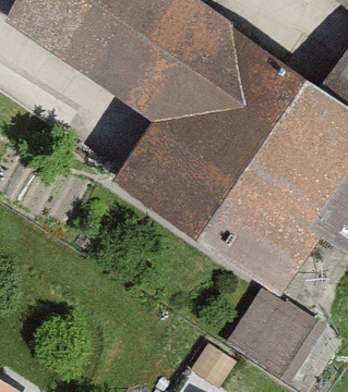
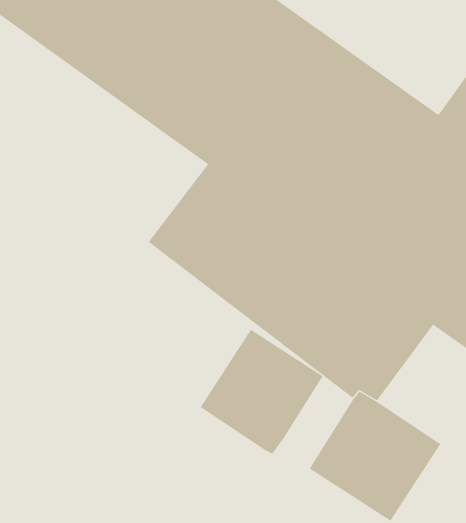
building: none -> [200,329,323,455]

